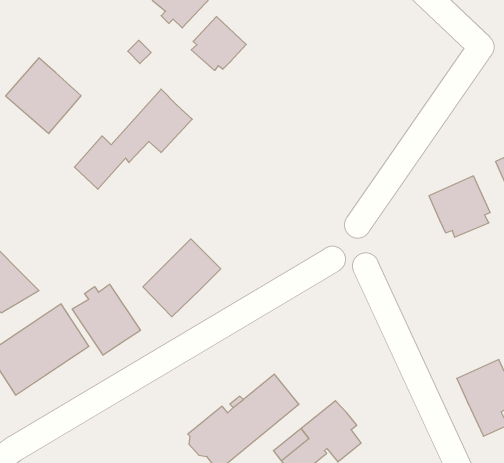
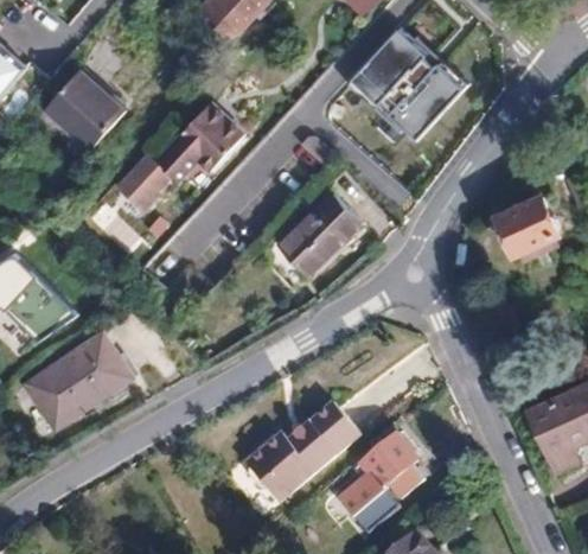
building: none -> [347,24,469,145]
building: [191,17,246,70] -> none
building: [143,239,221,317] -> [275,195,358,278]
building: [72,284,140,355] -> none

